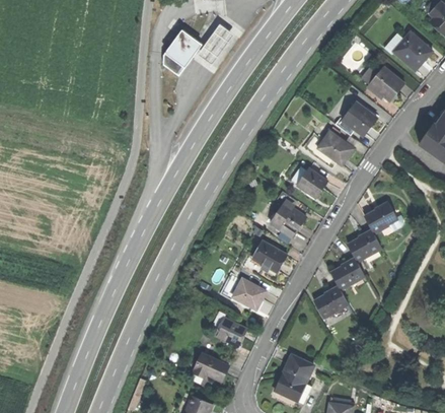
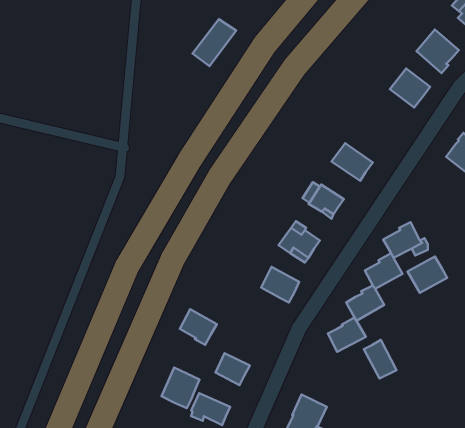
building: [161,30,196,75] -> none
building: [341,101,375,135] -> none
building: none -> [408,256,447,293]
building: [233,278,266,309] -> [180,309,217,345]
building: none -> [364,340,397,378]
building: none -> [162,368,200,408]

